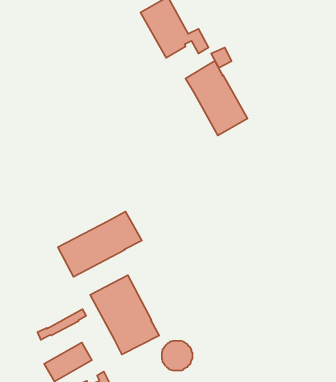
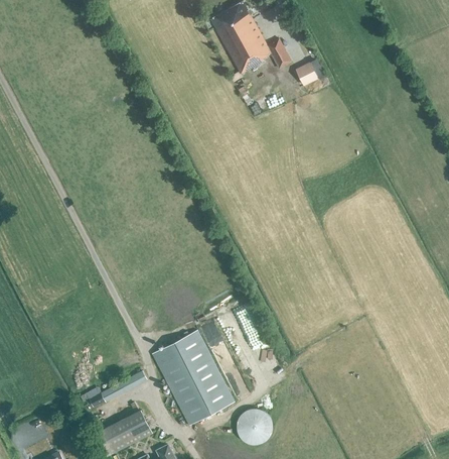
building: [186,61,248,135] -> none
building: [58,211,142,277] -> none

